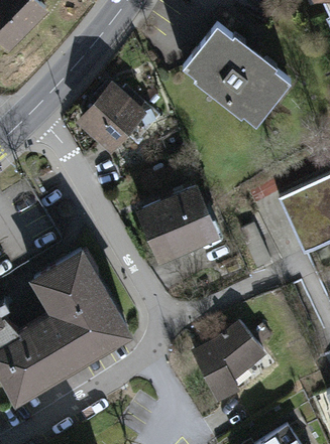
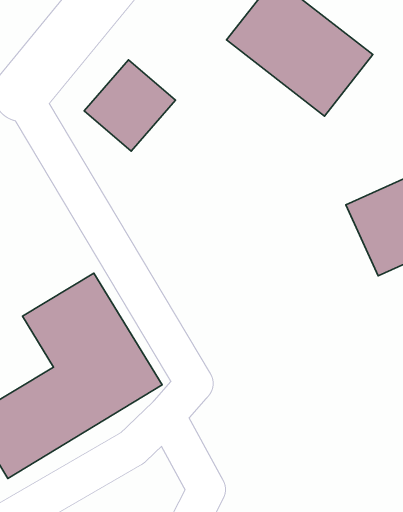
building: [140,188,220,262] -> none
building: [190,328,263,404] -> none

